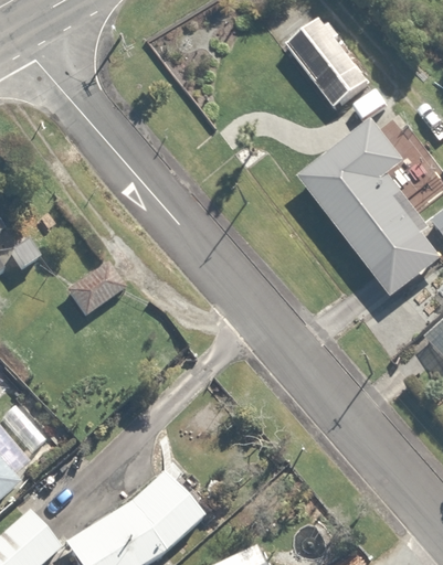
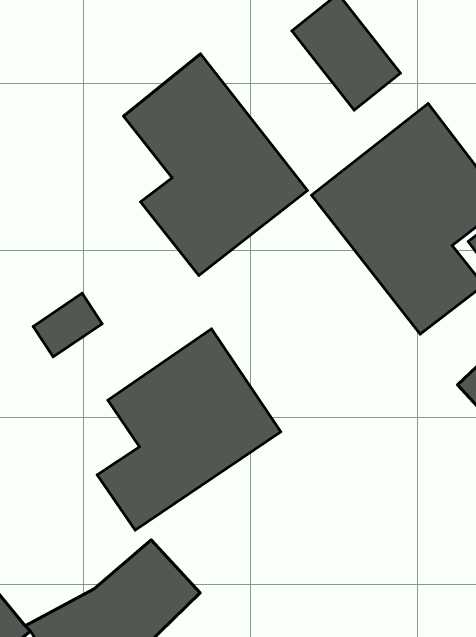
building: none -> [124,54,307,276]
building: none -> [97,329,281,530]

